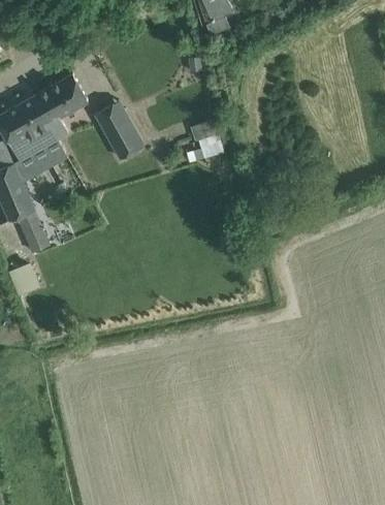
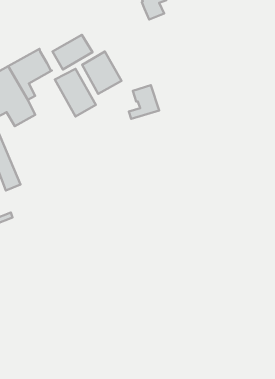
building: none -> [52,35,92,69]
building: none -> [82,52,121,94]

